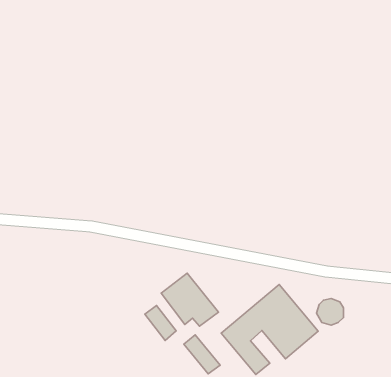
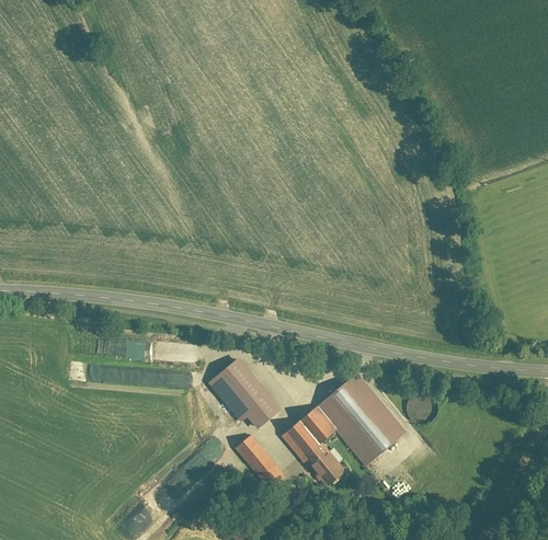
building: [145,306,176,340] -> none

